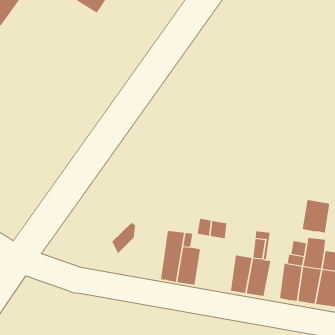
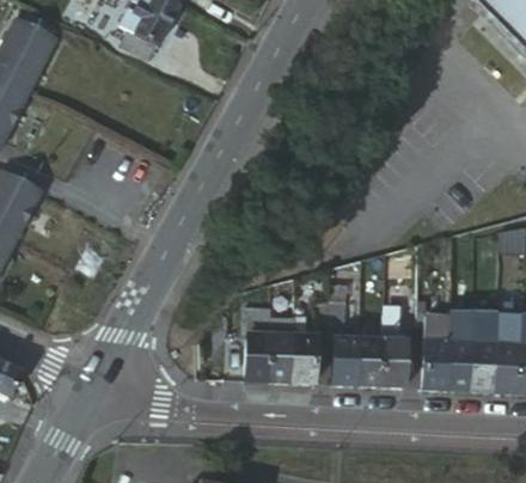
building: [302,199,330,233] -> none
building: none -> [241,311,271,386]
building: none -> [331,343,360,391]

